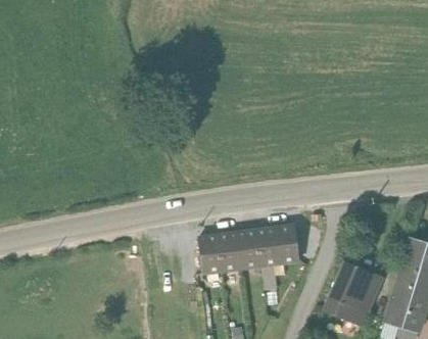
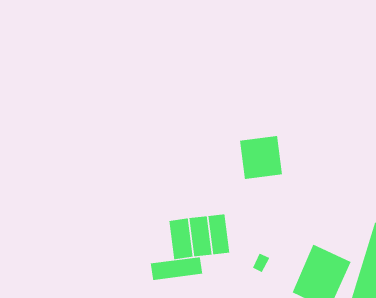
building: [254,224,299,269] -> [239,136,283,179]
building: none -> [150,256,203,281]

